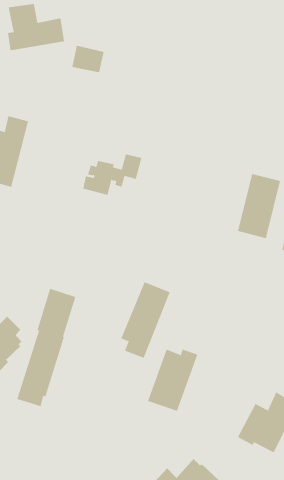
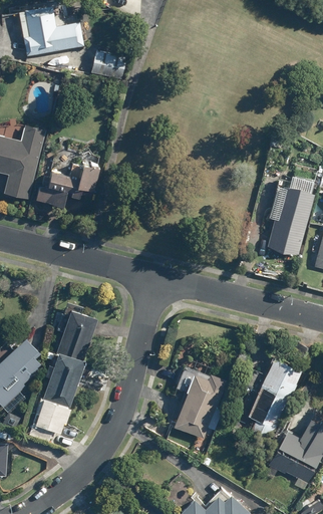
building: [82,154,142,196] -> [37,165,100,209]
building: [120,282,171,358] -> [248,356,301,438]

